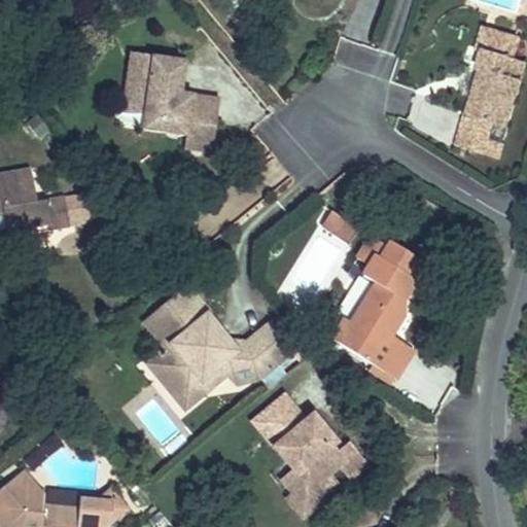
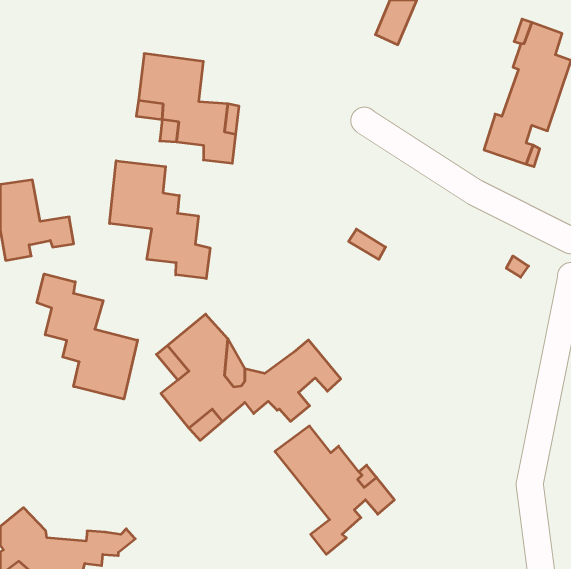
building: none -> [110,161,210,279]
building: [331,237,434,375] -> none
building: none -> [37,274,138,399]

